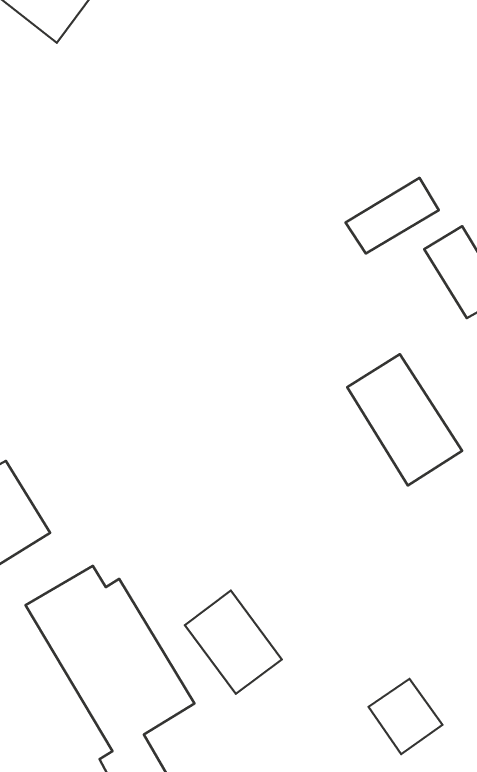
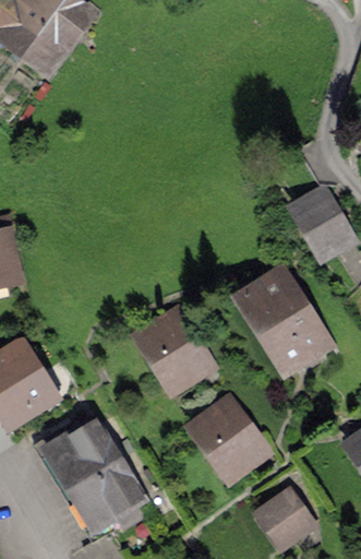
building: [346,178,439,253] -> none
building: none -> [145,314,208,384]
building: [185,591,282,694] -> [198,403,263,472]

